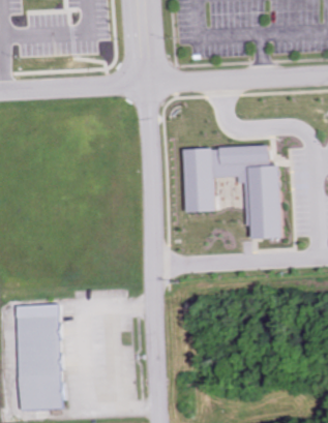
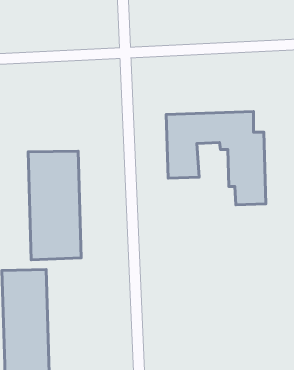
building: none -> [28,151,81,260]

